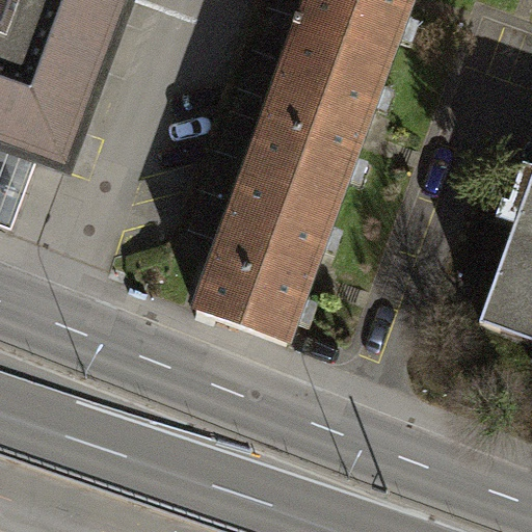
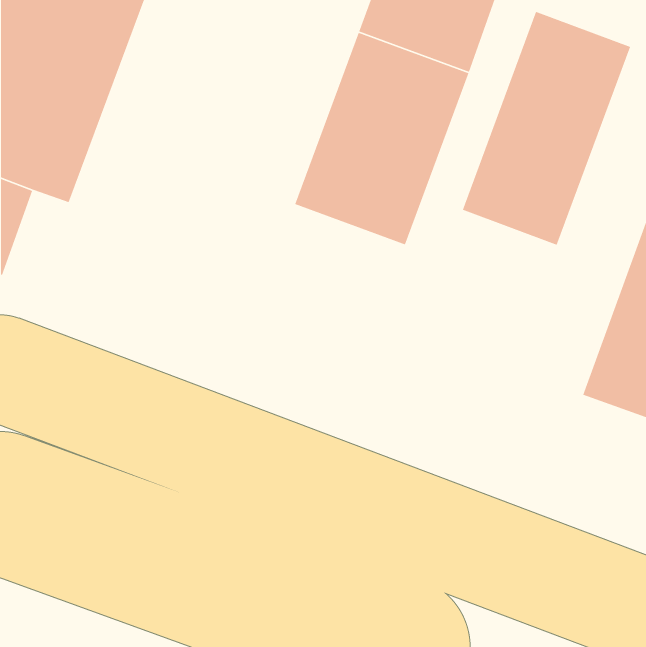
building: none -> [462,11,631,246]
building: [194,166,336,340] -> none

